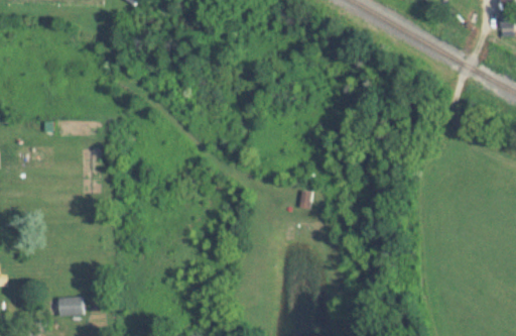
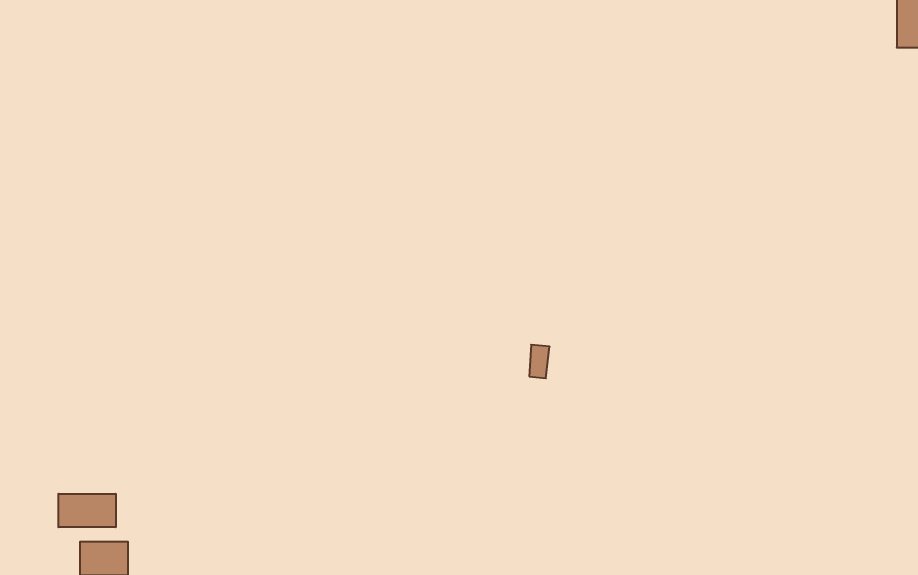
building: none -> [58,494,116,527]

